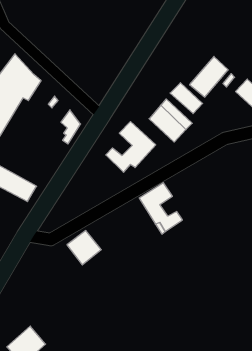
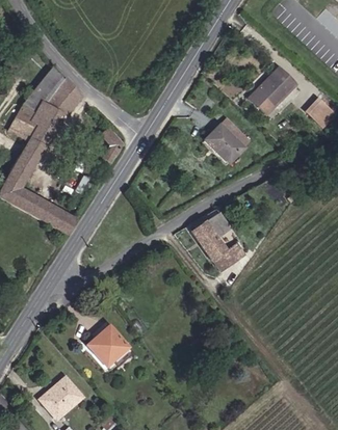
building: [170,83,203,114] -> none
building: [106,122,156,172] -> none
building: [67,231,101,265] -> [92,326,131,366]

